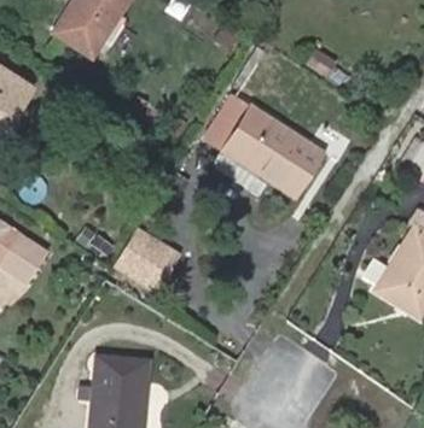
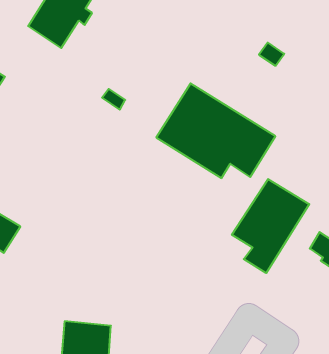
building: none -> [232,179,309,273]
building: [116,228,178,287] -> none

